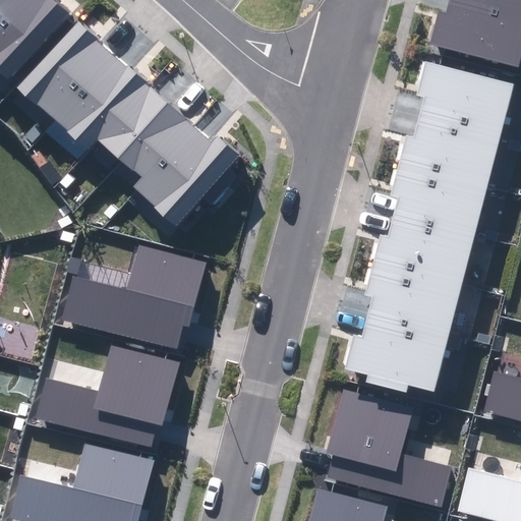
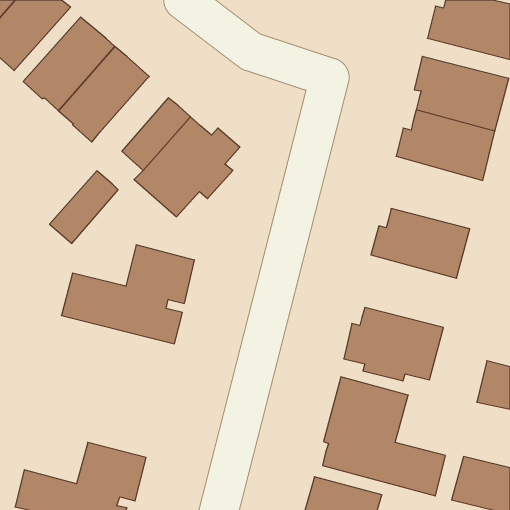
building: [101,84,170,158] -> [50,171,118,243]
building: [392,163,487,236] -> none
building: [366,263,461,336] -> none
building: [38,348,173,449] -> none

